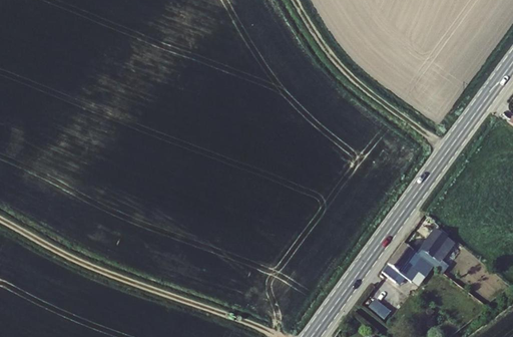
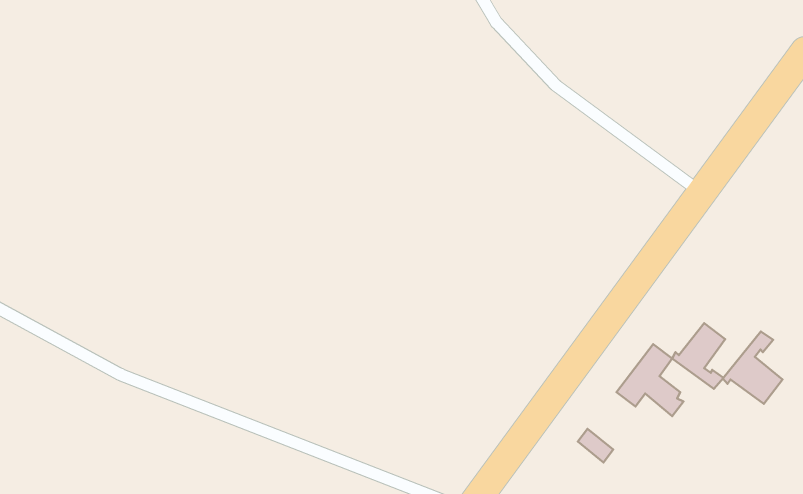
building: none -> [723,331,782,404]

